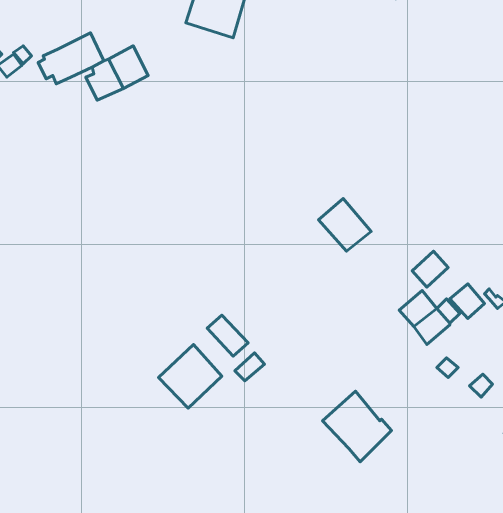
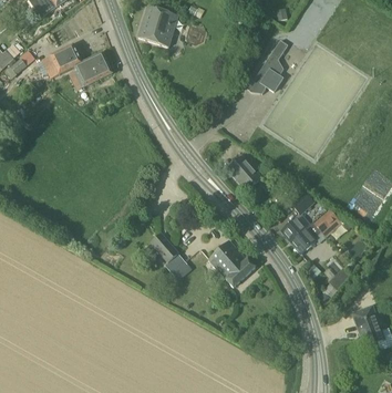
building: none -> [248,40,288,93]
building: [159,345,222,408] -> none
building: [323,391,391,462] -> [208,239,255,287]

